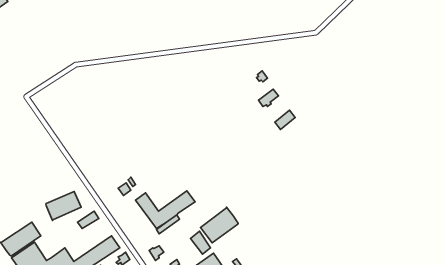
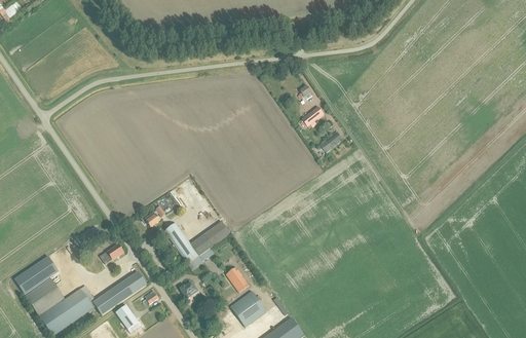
building: [46,192,81,220] -> none
building: [201,207,238,243] -> none

